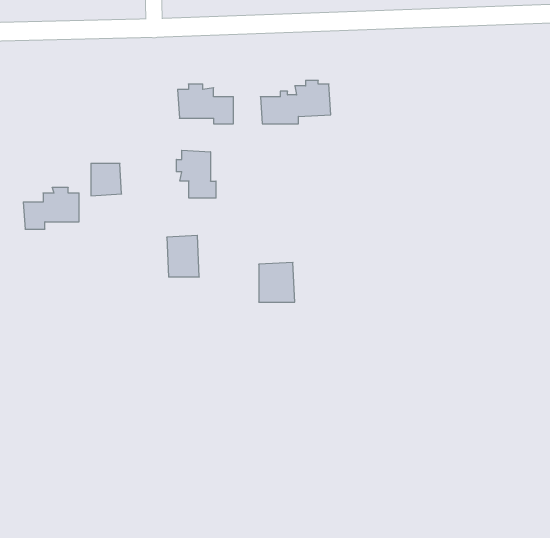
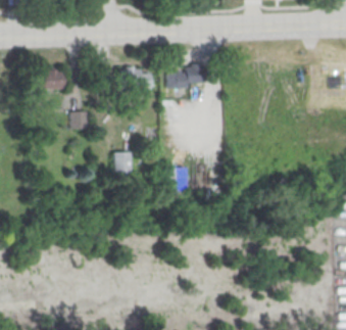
building: [176,150,216,198] -> none
building: [23,188,79,229] -> [33,69,64,93]

